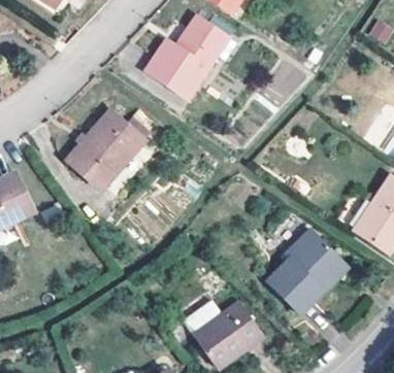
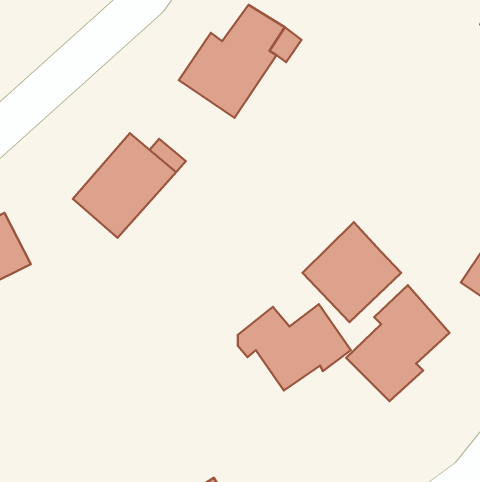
building: none -> [302,222,401,322]
building: [180,301,264,365] -> [238,304,351,391]

